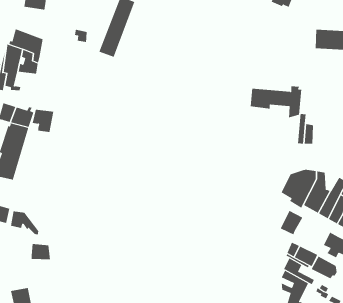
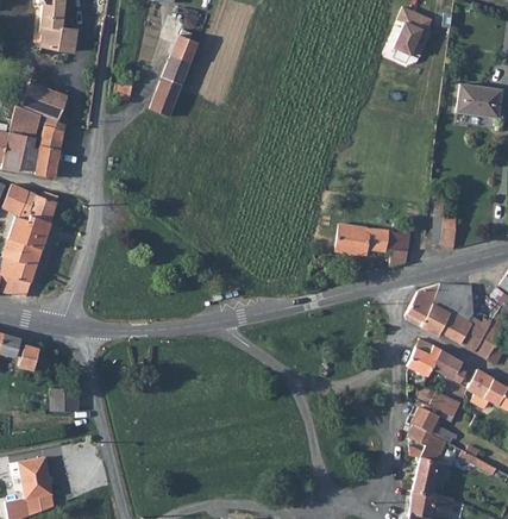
building: [250,86,302,118] -> [335,221,410,268]
building: [32,109,54,132] -> [27,143,59,176]
building: [311,256,337,279] -> [429,351,468,384]

